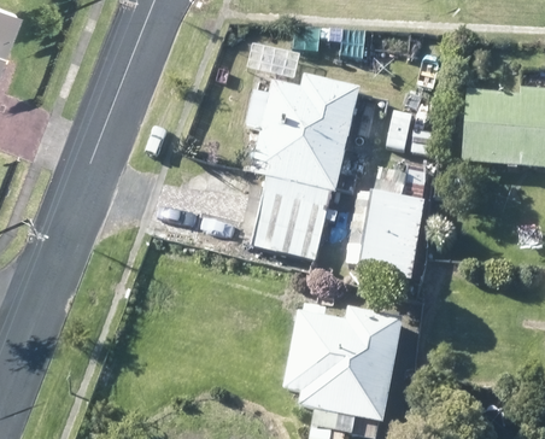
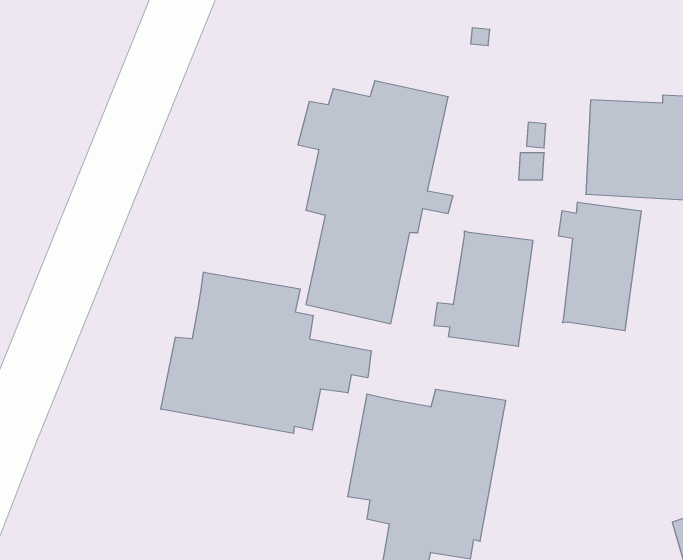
building: none -> [559,202,641,331]
building: none -> [161,272,371,433]

